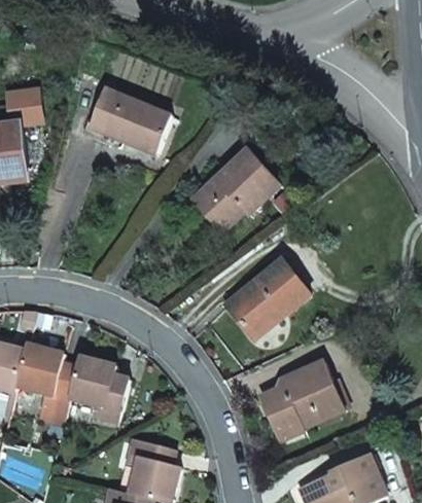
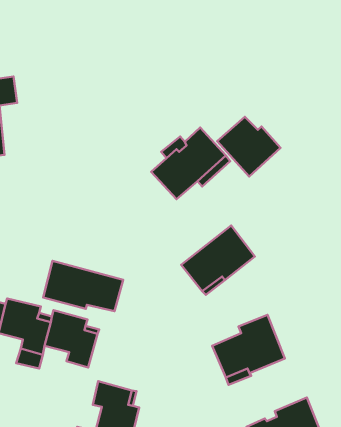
building: [80,86,171,154] -> none
building: none -> [217,117,281,177]
building: none -> [43,261,123,311]

